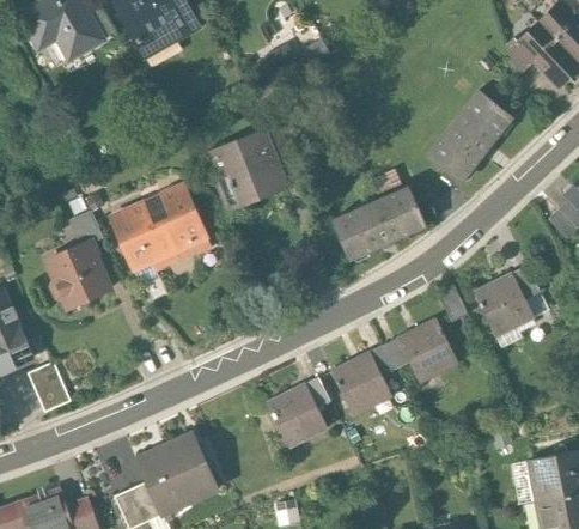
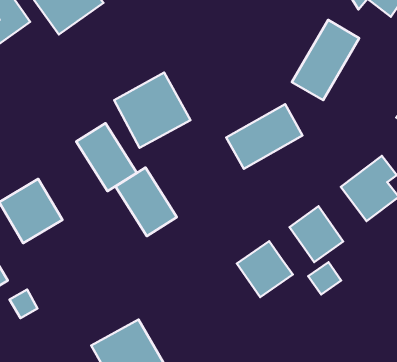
building: [105,196,177,282] -> [116,167,177,236]
building: [371,338,412,377] -> [308,262,341,295]
building: [264,382,329,449] -> none

